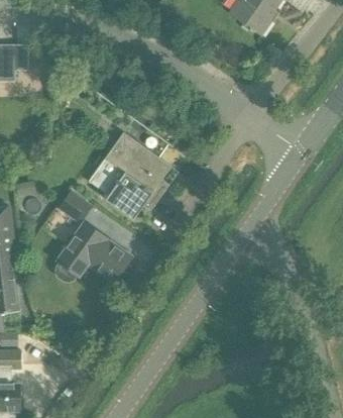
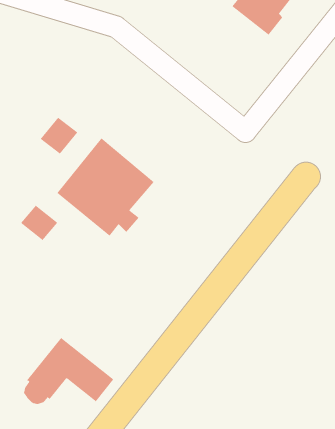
building: none -> [40,117,78,154]
building: [54,222,131,281] -> [23,337,114,405]

